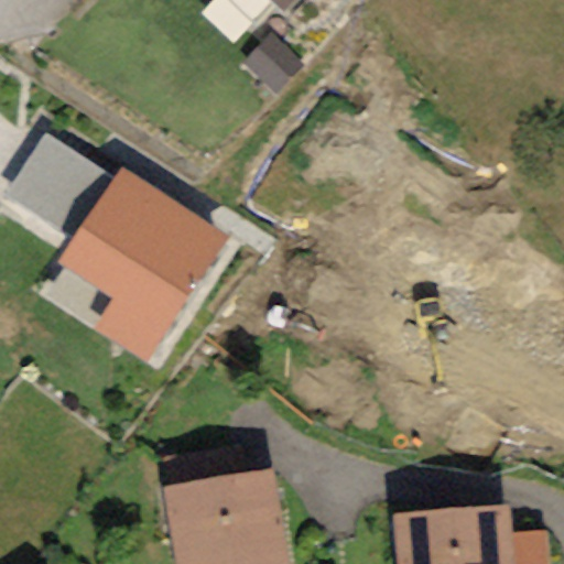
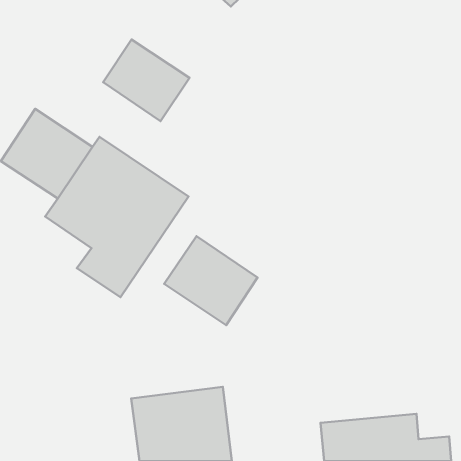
building: none -> [103,39,190,121]
building: none -> [164,236,257,325]

